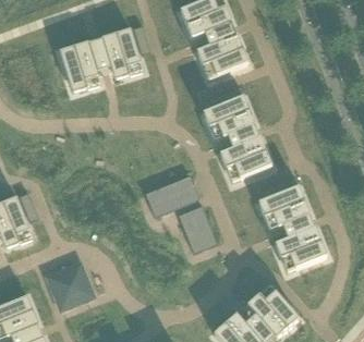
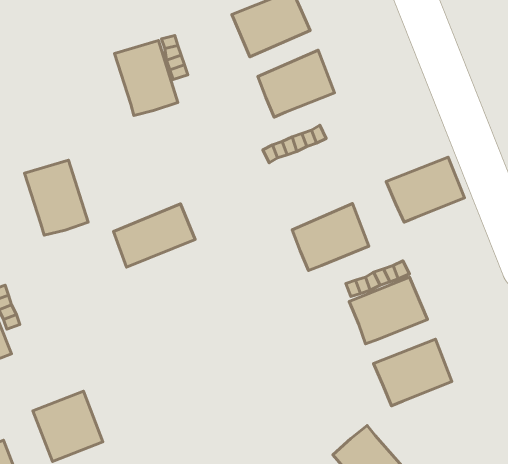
building: [58,40,100,90] -> [24,160,88,235]
building: [202,96,254,139] -> [386,157,464,222]
building: [144,173,198,216] -> [114,204,195,267]
building: [177,204,216,252] -> none

